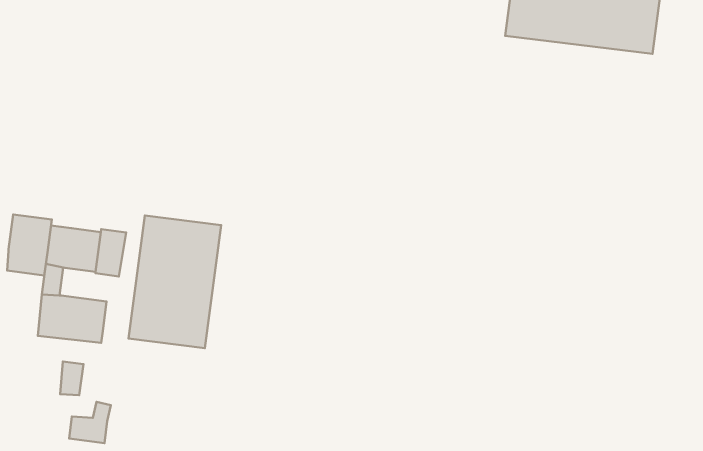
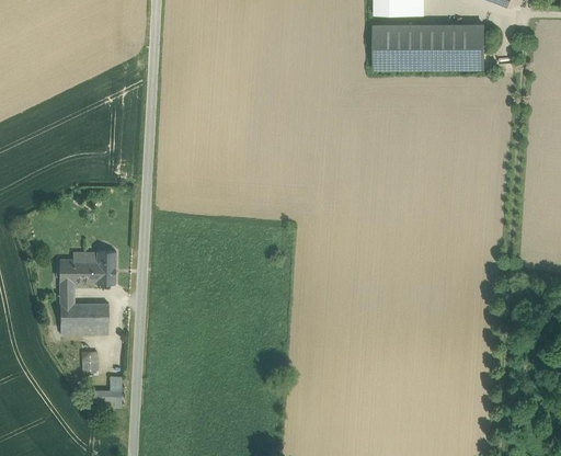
building: [7,214,52,276] -> none
building: [129,215,221,348] -> none

